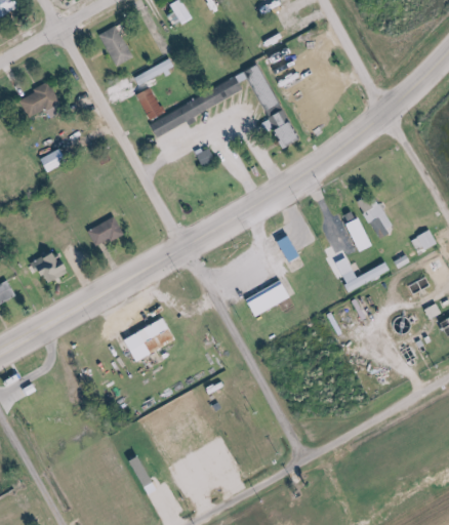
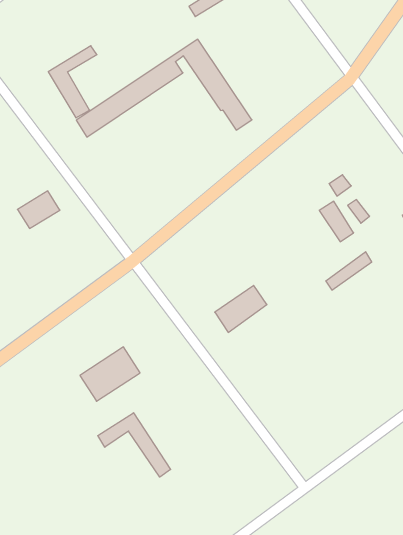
building: [98,25,132,67] -> none
building: [86,217,122,247] -> [17,191,60,228]
building: none -> [98,413,171,477]

